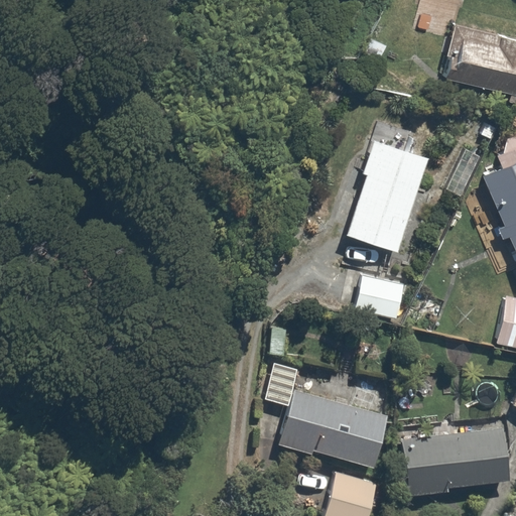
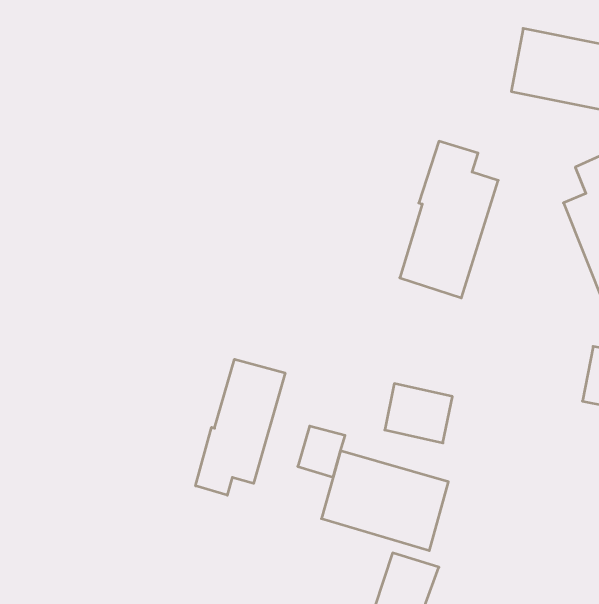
building: [354,273,411,324] -> [385,384,452,443]
building: none -> [196,359,285,495]
building: [401,426,509,494] -> none

